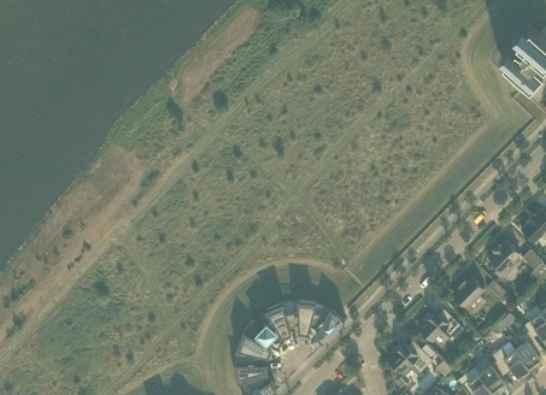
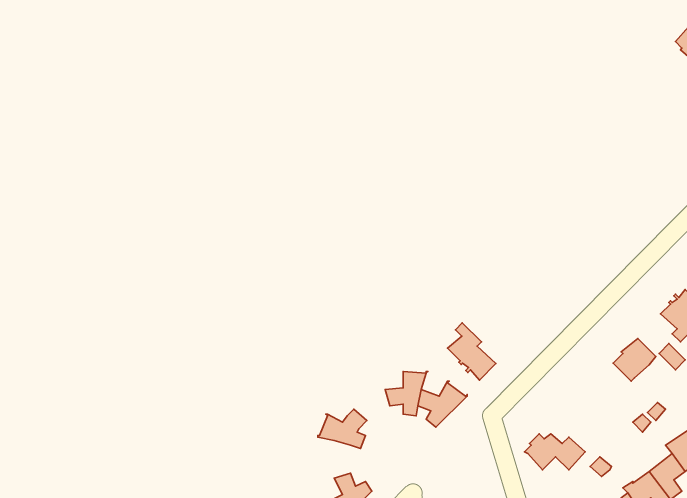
building: none -> [448,323,496,380]
building: [262,301,289,336] -> none
building: [418,314,463,341] -> none
building: [233,350,266,382] -> none

